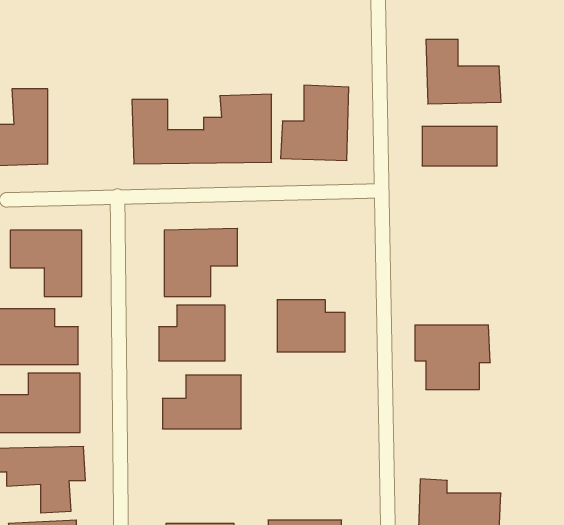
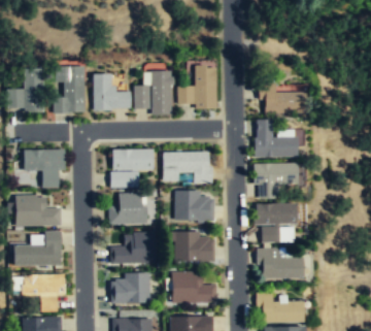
building: [426,39,501,104] -> [256,121,299,158]
building: none -> [54,67,85,112]
building: none -> [163,151,212,181]
building: none -> [256,163,297,199]
building: none -> [176,233,215,261]
building: none -> [259,247,312,278]
building: none -> [173,272,216,302]
building: none -> [110,274,150,303]

